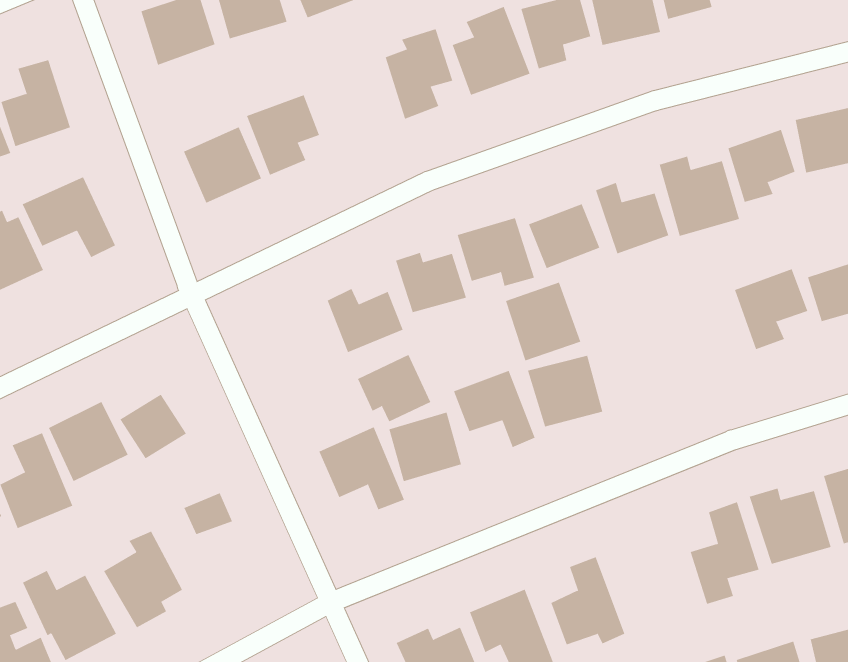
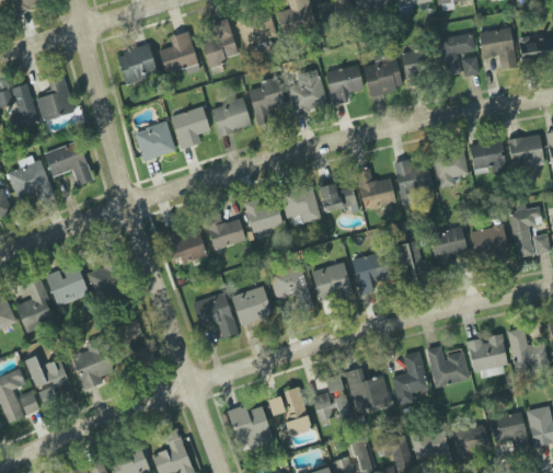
building: none -> [212,99,250,134]
building: [505,282,581,361] -> [352,251,391,292]
building: none -> [400,241,425,277]
building: [357,354,431,422] -> [168,228,207,264]
building: none -> [345,367,390,411]

